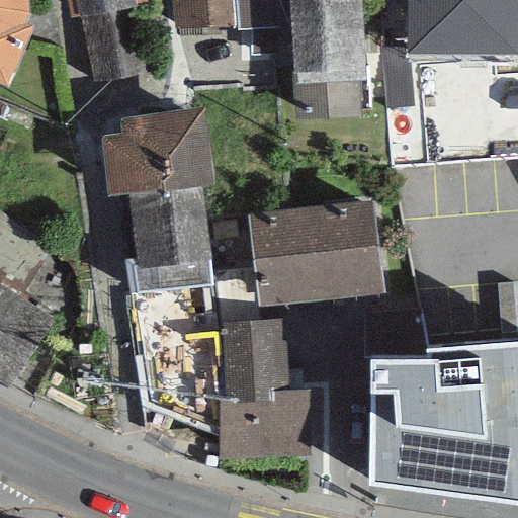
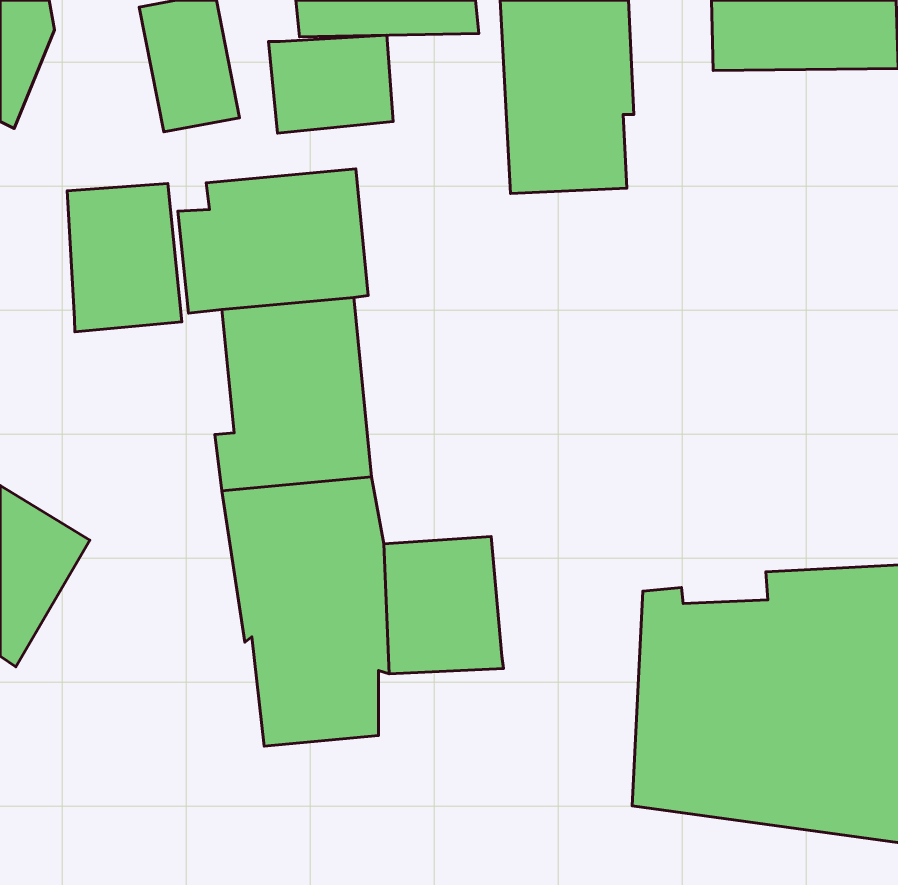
building: none -> [269,35,393,133]
building: none -> [67,183,182,332]
building: [249,198,384,301] -> none
building: [219,384,310,458] -> none

